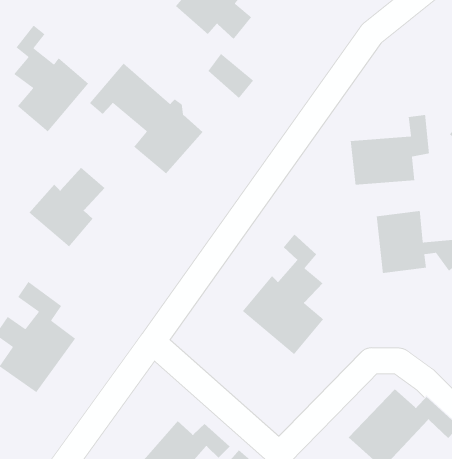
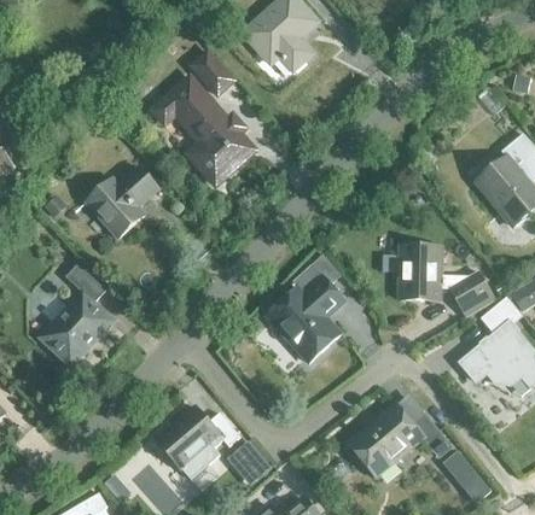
building: [13,24,89,133] -> none
building: [207,53,254,99] -> [192,51,233,94]
building: [350,114,430,185] -> none

